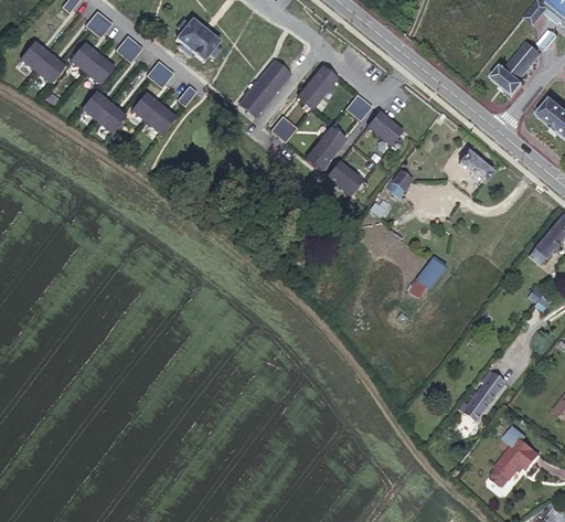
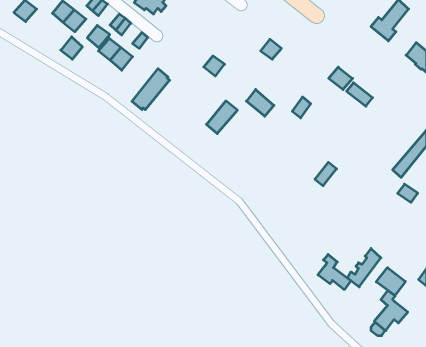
building: [35,54,65,83] -> none
building: [239,60,289,114] -> [132,69,170,110]
building: [297,65,338,109] -> none
building: [97,104,127,134] -> [87,25,110,48]
building: [367,111,404,146] -> none
building: [306,127,347,170] -> [206,101,237,134]
building: none -> [329,67,353,90]
building: none -> [318,254,351,289]
building: none -> [376,268,405,296]

